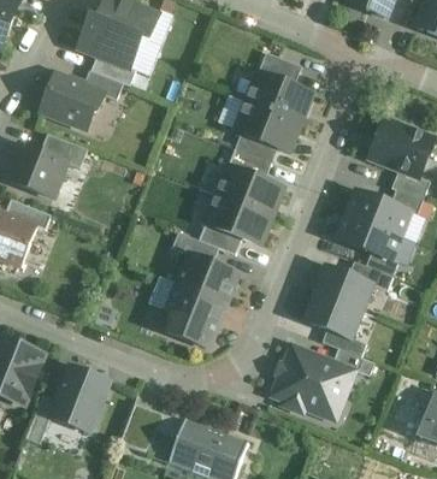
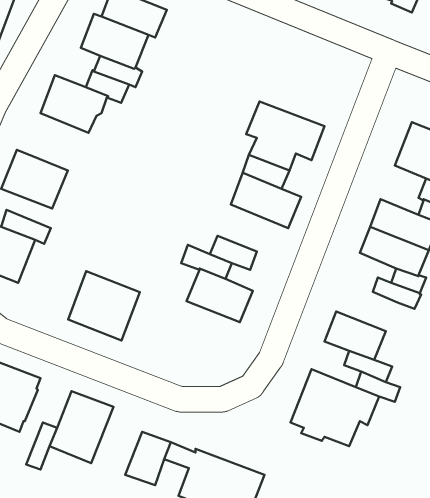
building: [243,52,315,122] -> none
building: [40,134,87,168] -> none
building: [205,194,270,244] -> none
building: [314,266,371,311] -> none
building: [159,283,225,347] -> [68,271,140,340]

